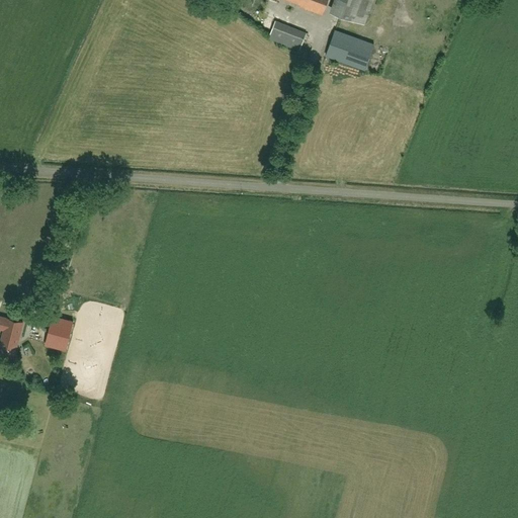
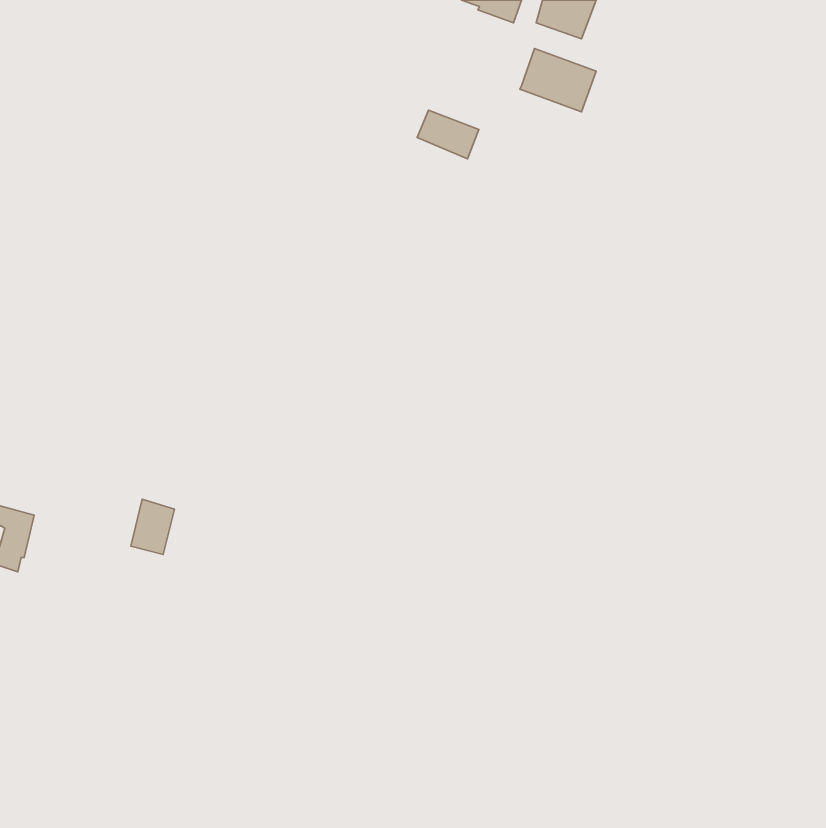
building: [267,20,306,51] -> [417,110,479,159]
building: [45,316,72,350] -> [131,499,175,554]

